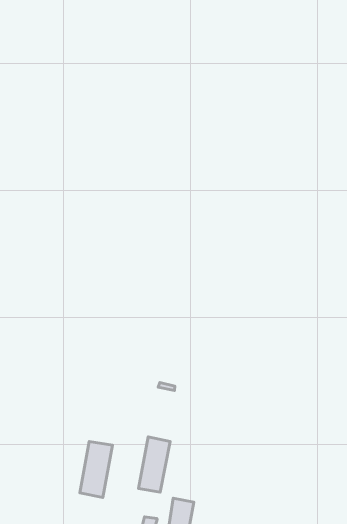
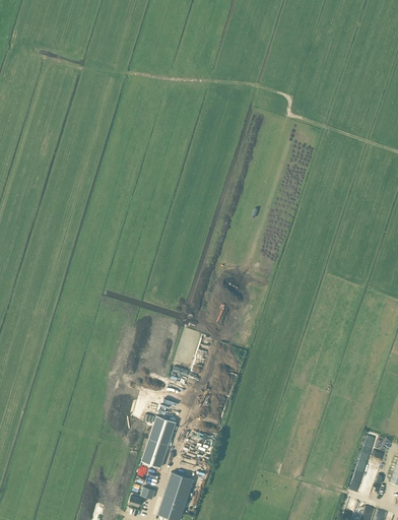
building: [80,442,113,498] -> none

